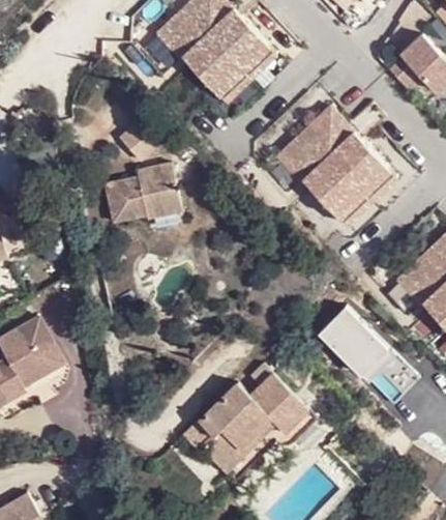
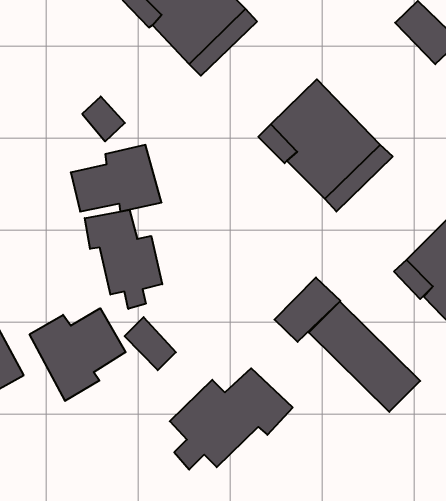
building: none -> [85,210,162,309]
building: none -> [274,277,340,342]
building: none -> [30,308,126,401]
building: none -> [125,317,176,370]
building: [210,400,314,476] -> none

